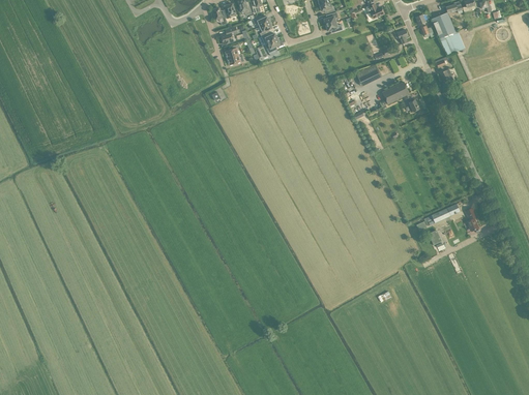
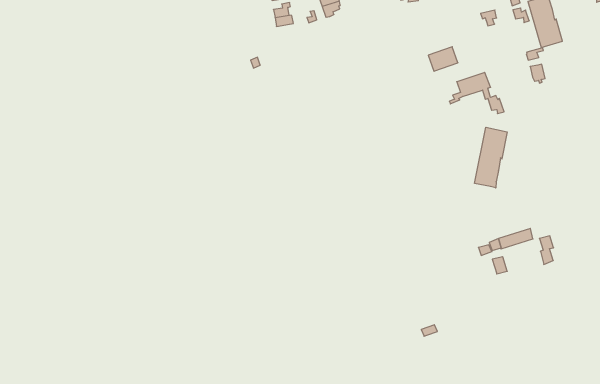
building: none -> [475,127,507,188]

